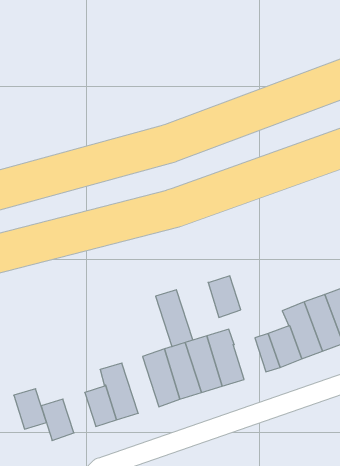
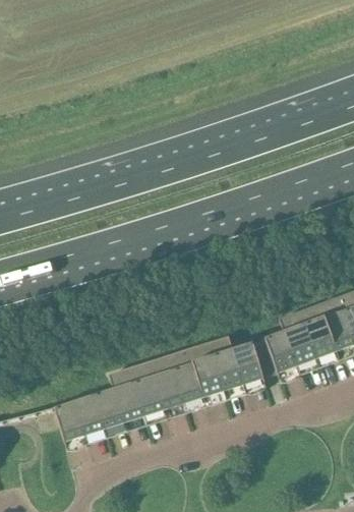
building: [208,276,241,317] -> [235,343,266,382]
building: [156,290,193,347] -> [131,360,166,413]
building: [14,389,46,429] -> [76,394,107,432]

